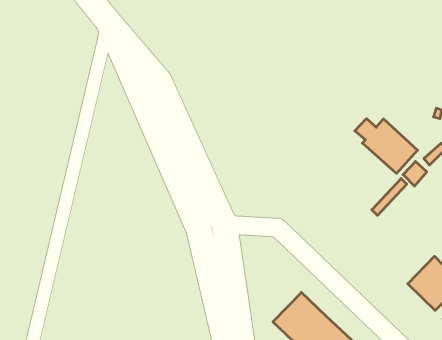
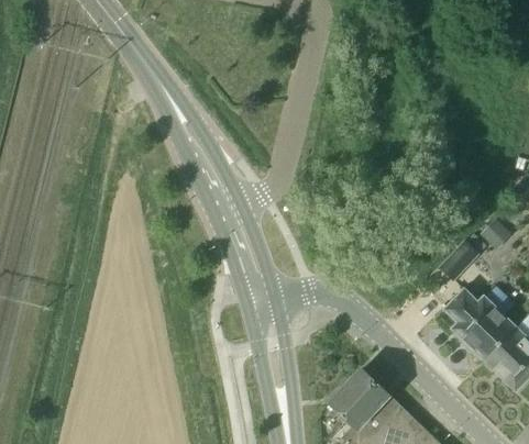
building: [355,119,418,173] -> none
building: none -> [445,286,515,359]

